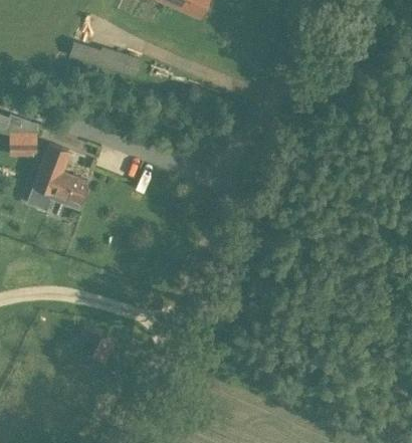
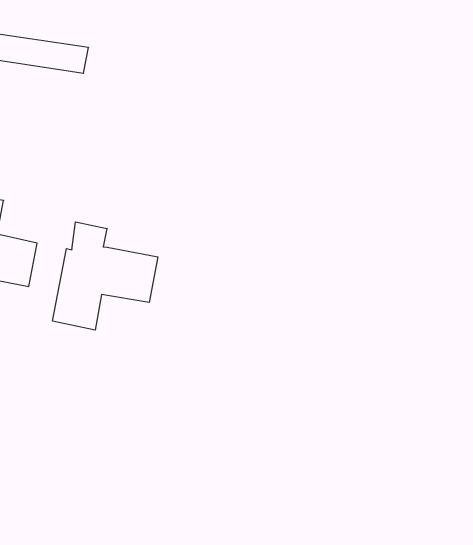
building: none -> [53,222,158,330]

